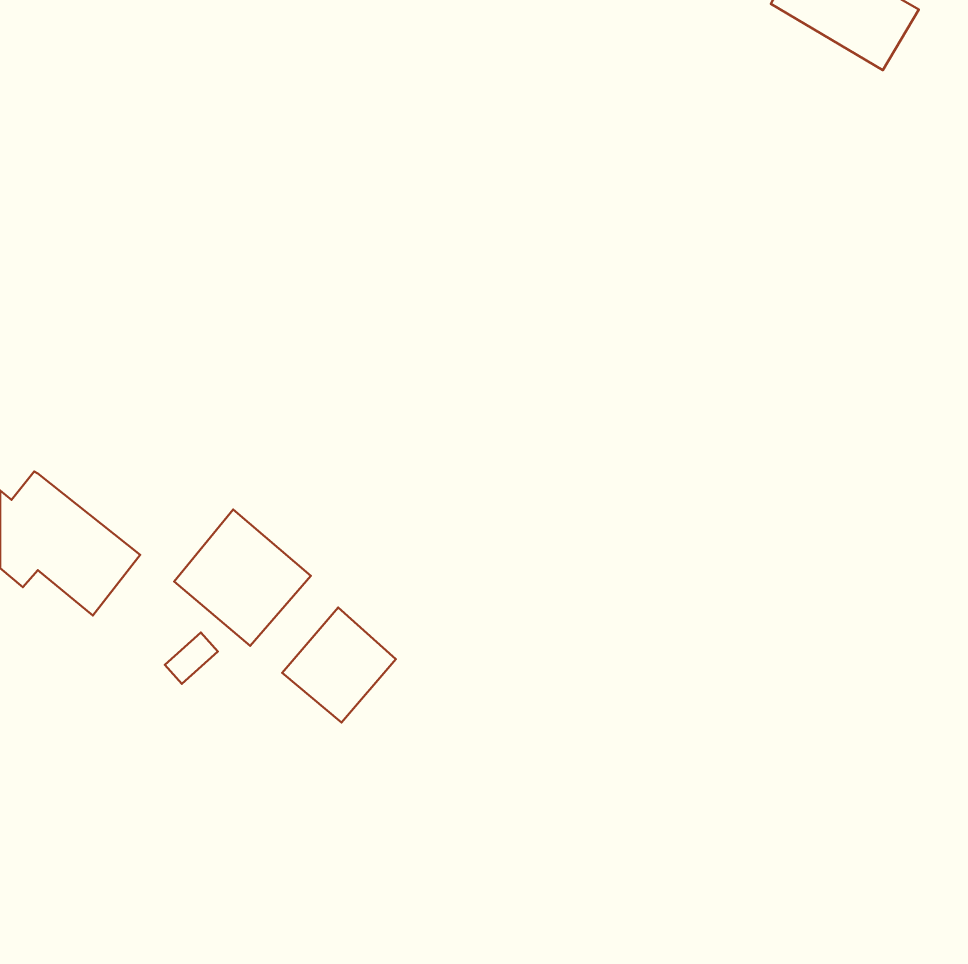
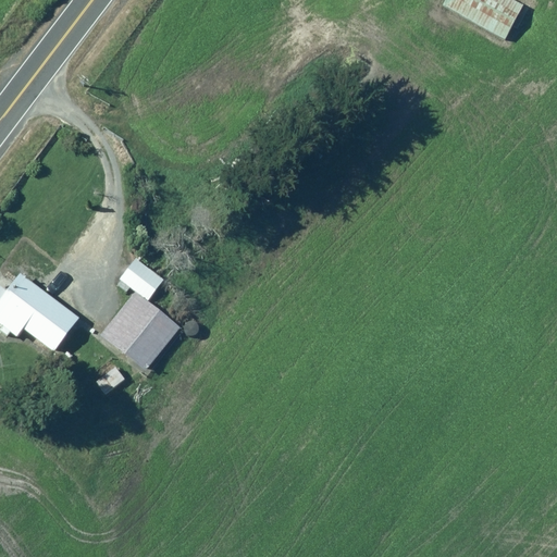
building: none -> [117,256,164,301]
building: [282,607,396,723] -> none

